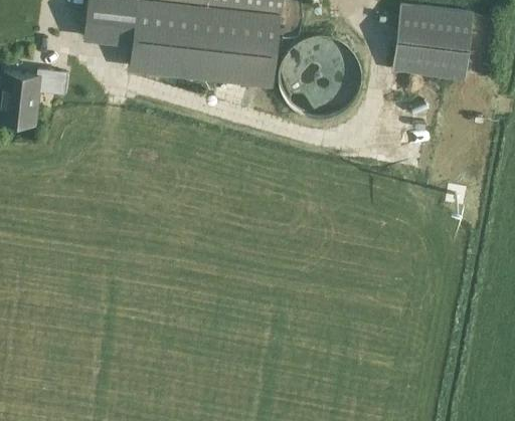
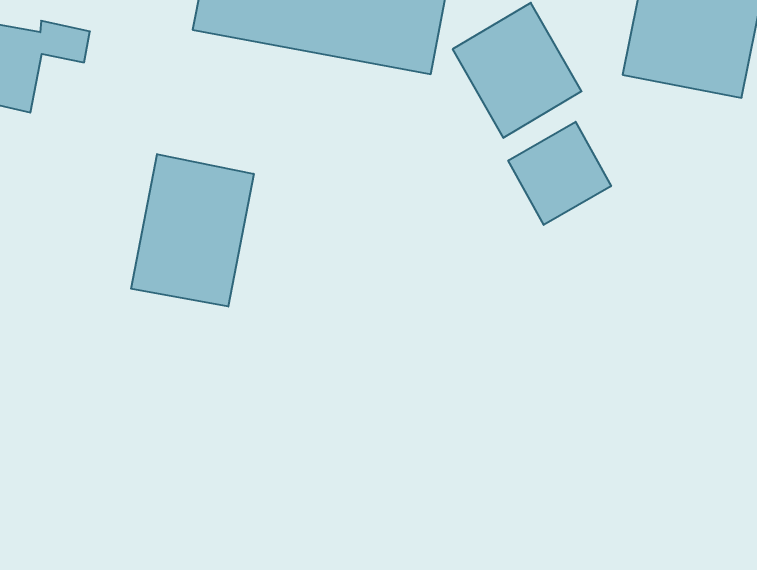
building: none -> [508,122,611,225]
building: none -> [131,154,254,307]

